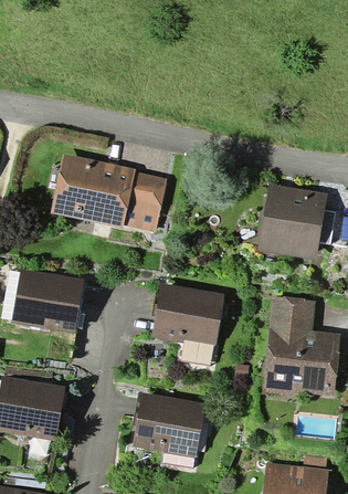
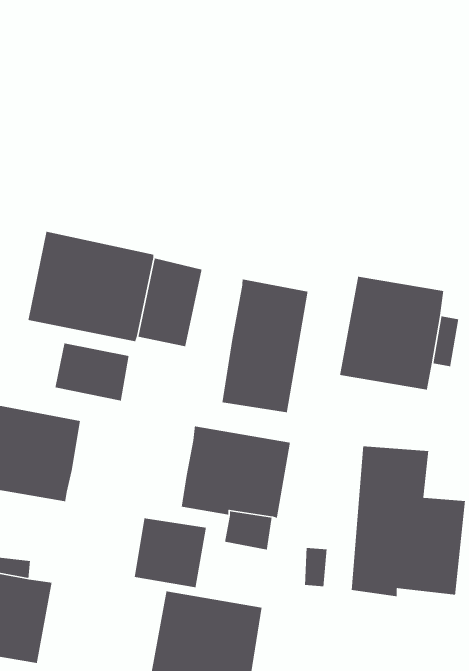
building: none -> [222,279,308,413]
building: none -> [55,342,130,402]
building: none -> [134,517,207,588]

